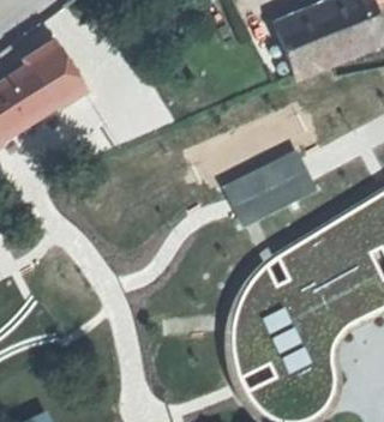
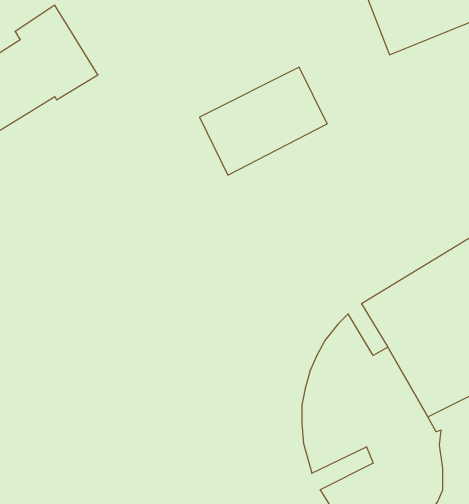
building: [224,149,317,227] -> [200,67,327,175]

